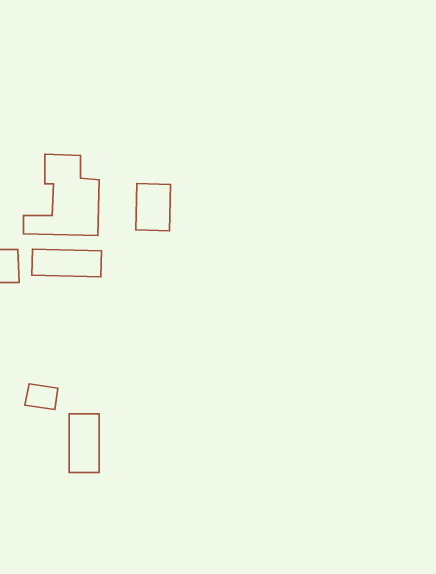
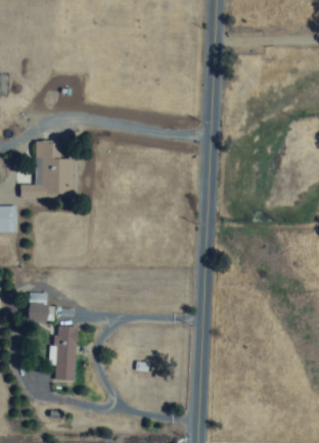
building: [136,184,171,231] -> none
building: [32,249,102,277] -> none

